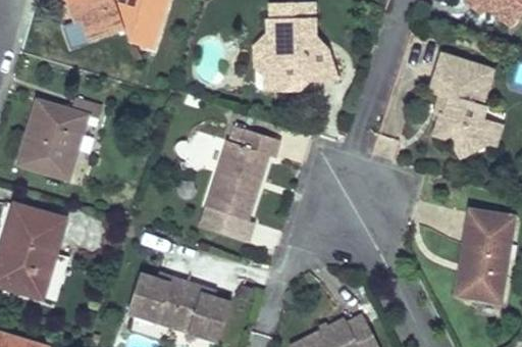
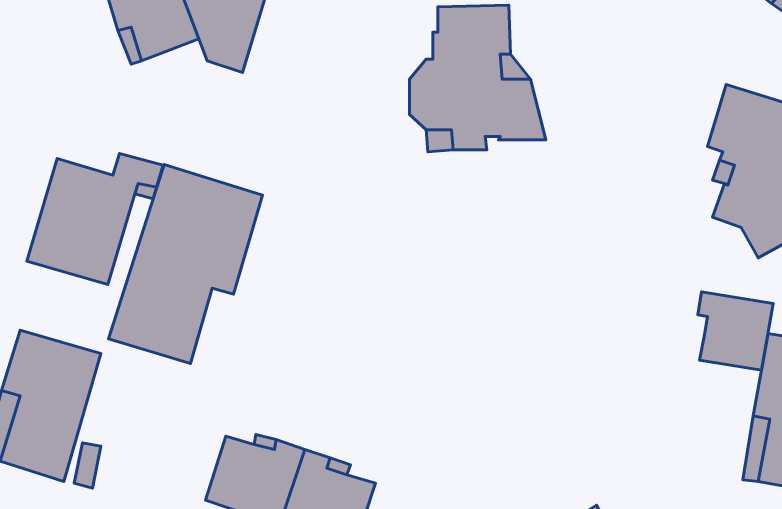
building: none -> [108,165,263,363]
building: [201,134,278,240] -> none
building: none -> [698,292,773,370]

